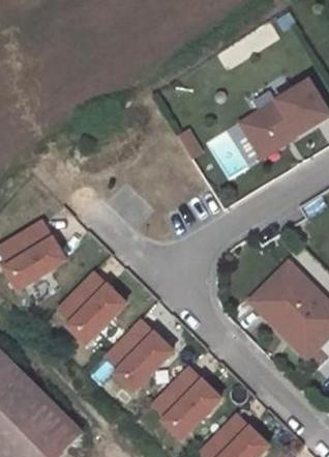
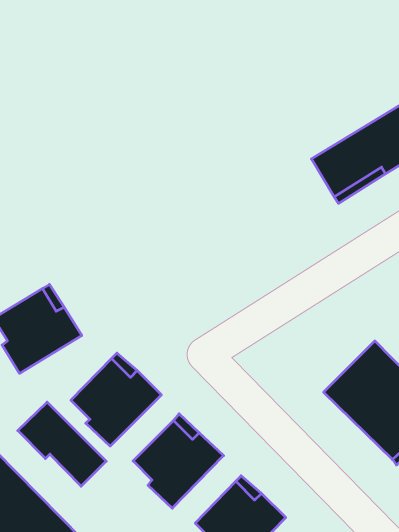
building: none -> [18,402,106,486]

